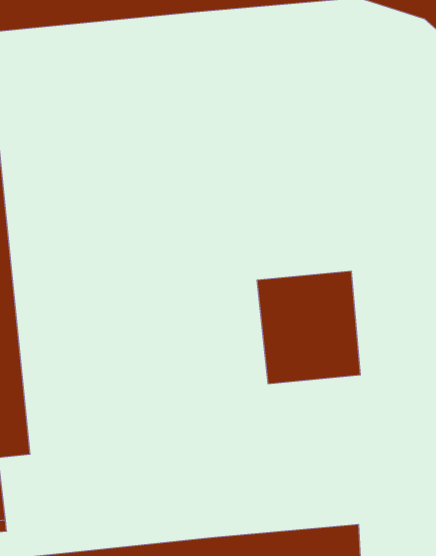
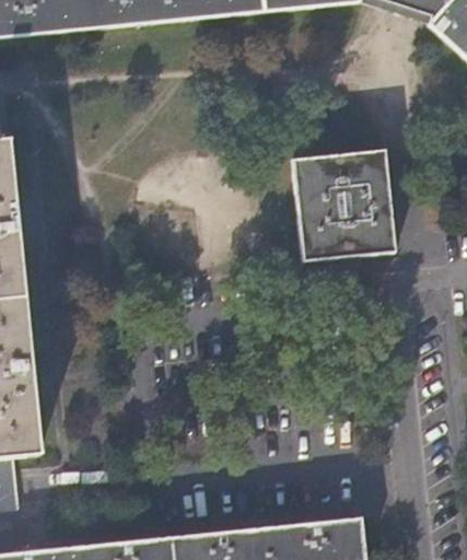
building: [257,271,360,384] -> [293,149,395,259]

